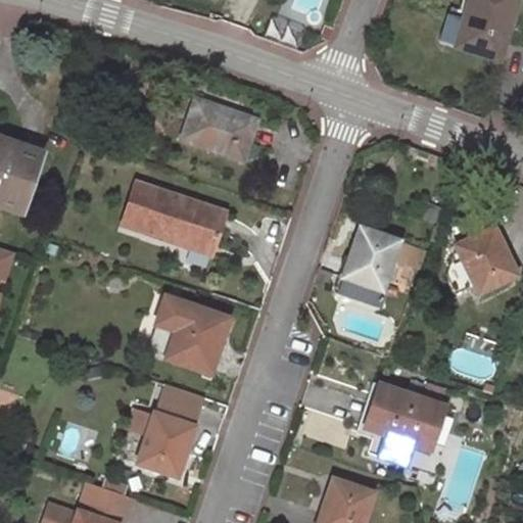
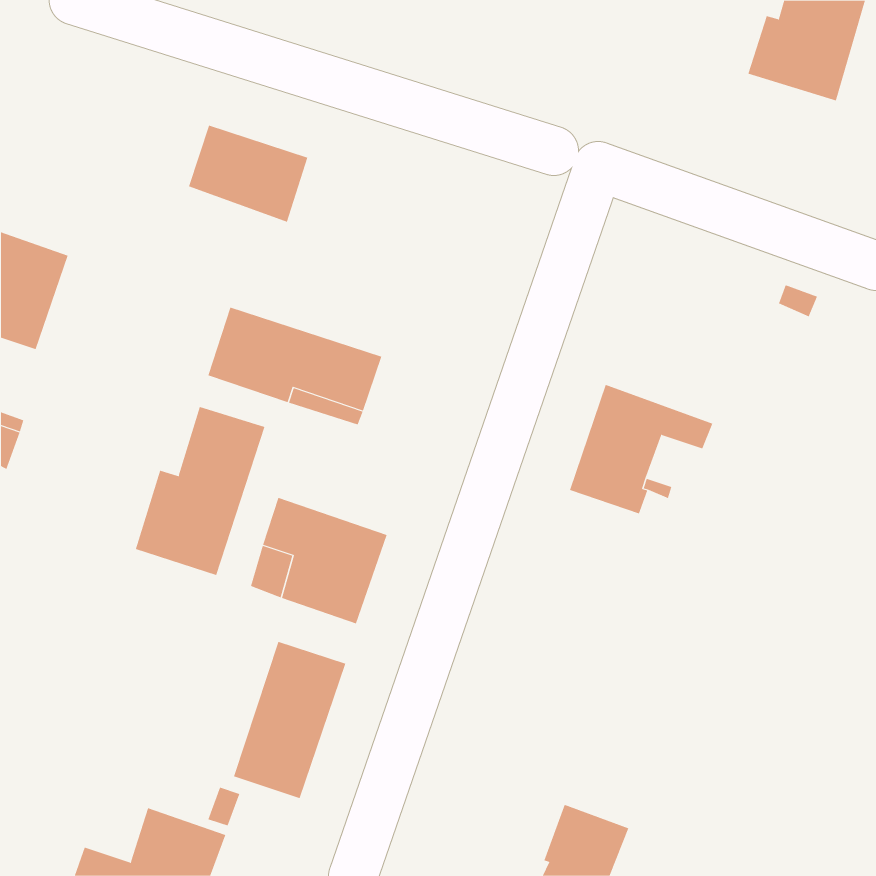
building: [185,100,256,158] -> [188,125,308,223]
building: [457,228,518,293] -> none
building: none -> [135,406,265,576]
building: [365,384,446,465] -> none

